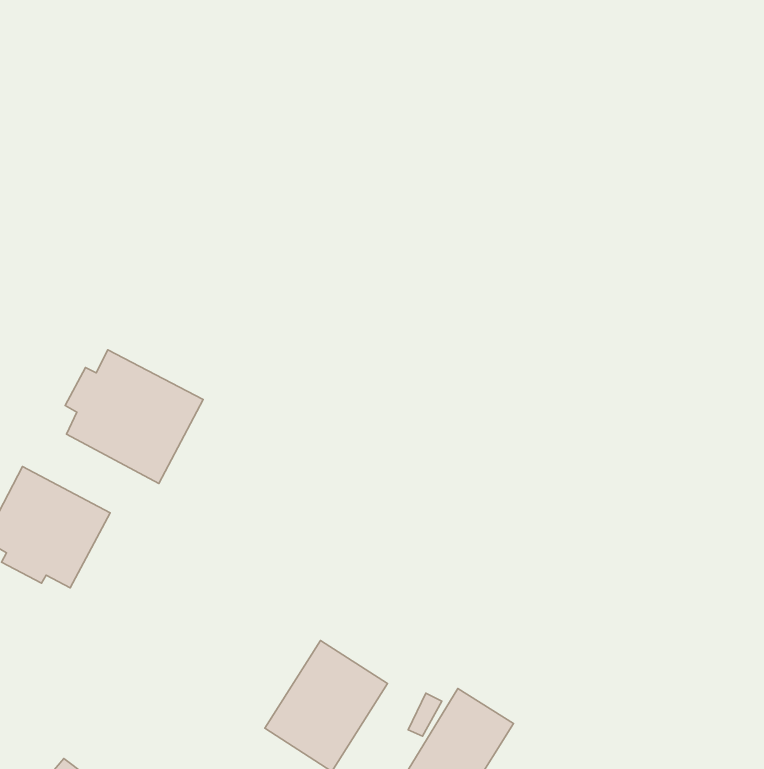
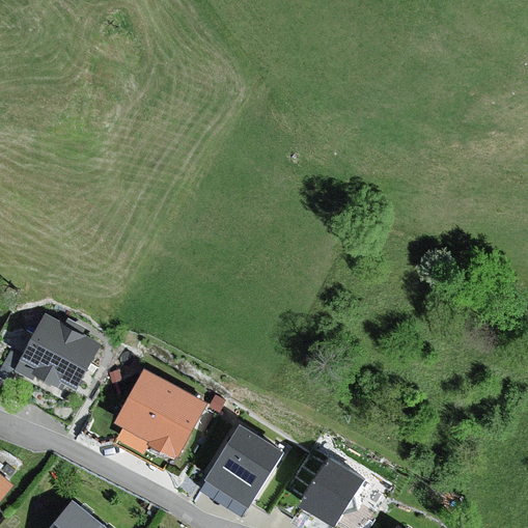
building: [65,350,203,483] -> none
building: none -> [112,369,205,461]

